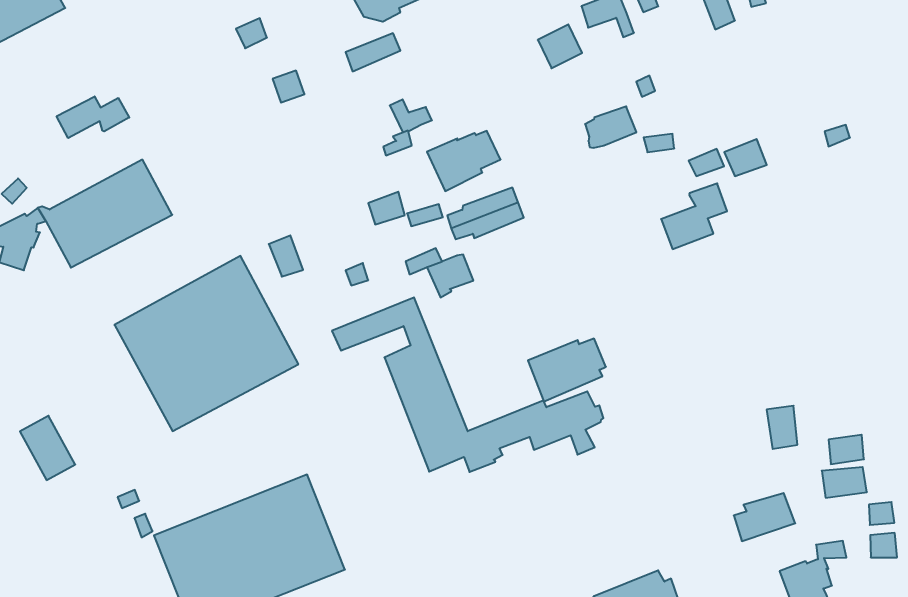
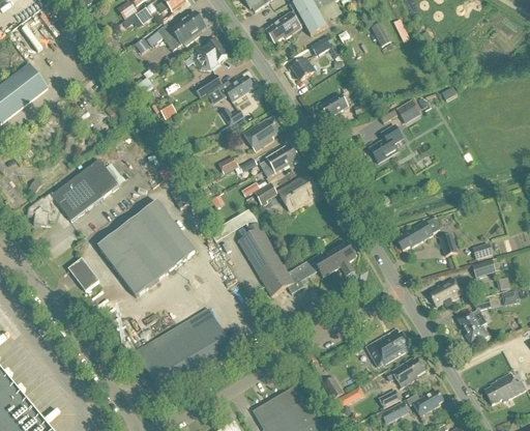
building: none -> [213,76,253,102]
building: [57,96,129,138] -> none
building: [528,339,606,401] -> [277,174,318,210]
building: none -> [395,222,432,251]
building: [20,416,75,480] -> [67,258,98,291]

